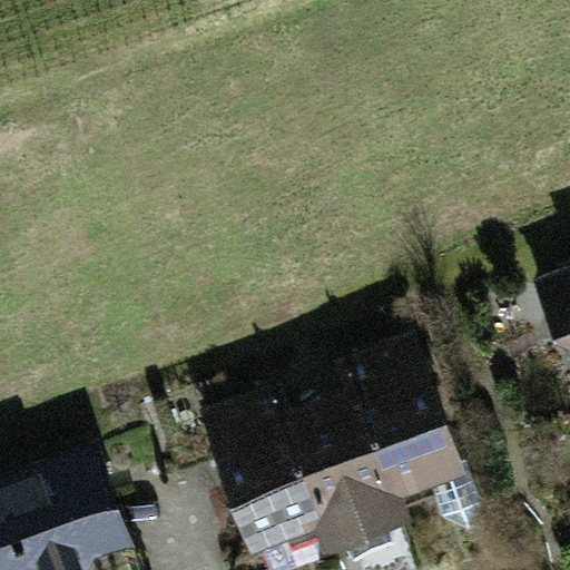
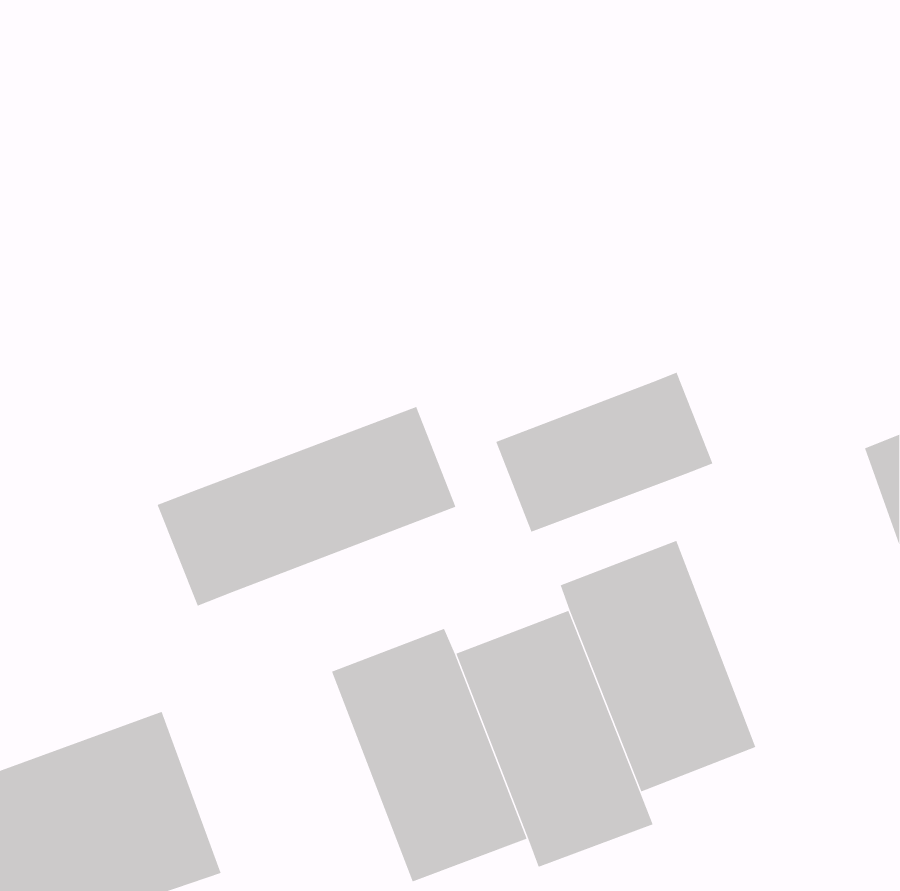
building: none -> [496,372,713,532]
building: none -> [157,406,456,606]

